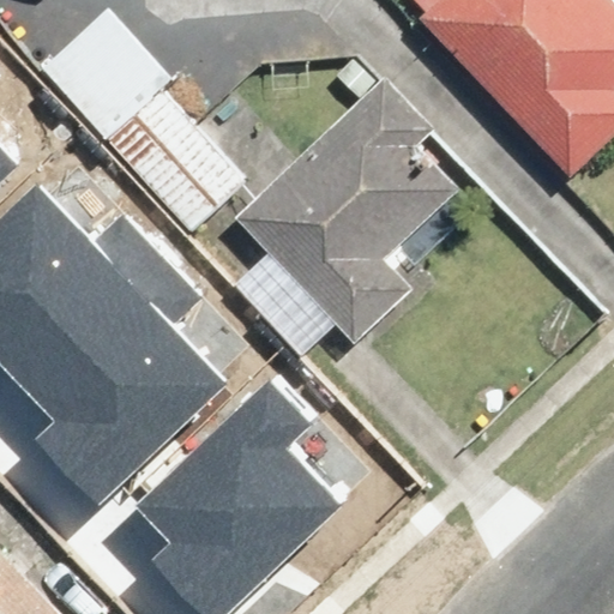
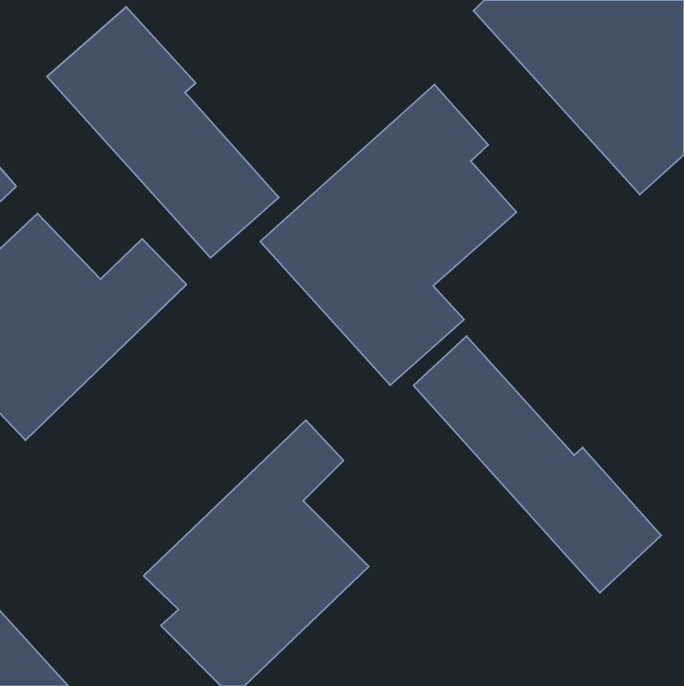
building: [23,254,223,502] -> none
building: none -> [414,336,661,593]

